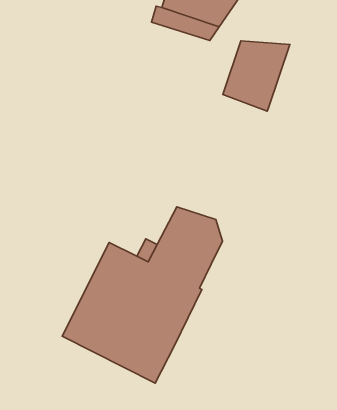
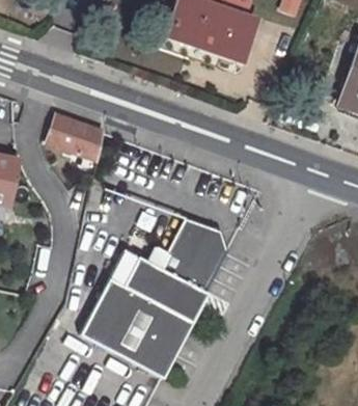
building: [223,41,290,111] -> none
building: none -> [47,115,107,162]

